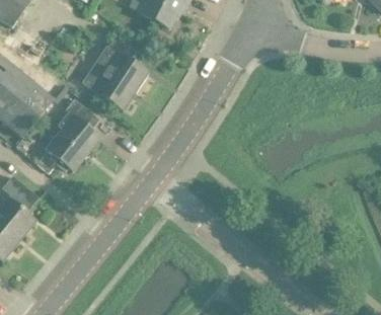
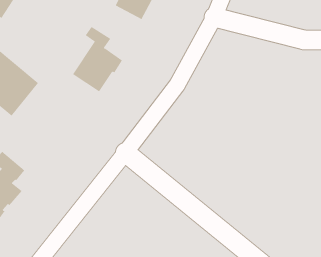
building: [45,99,99,169] -> none

